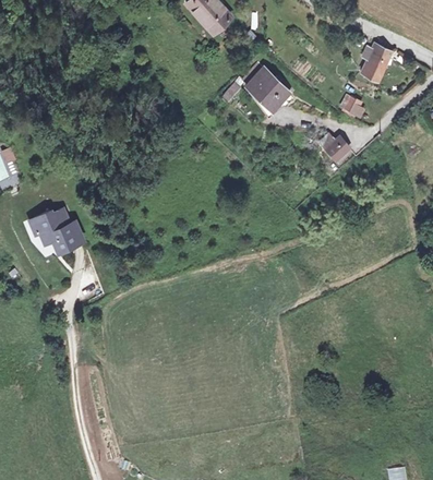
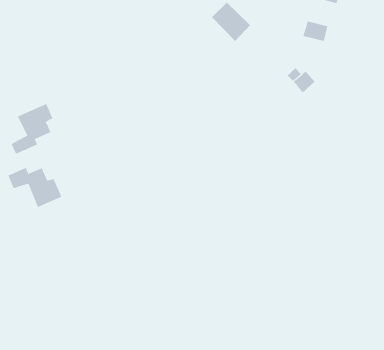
building: none -> [11,103,53,155]

